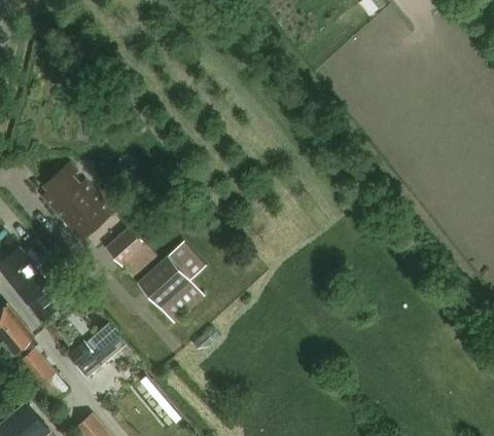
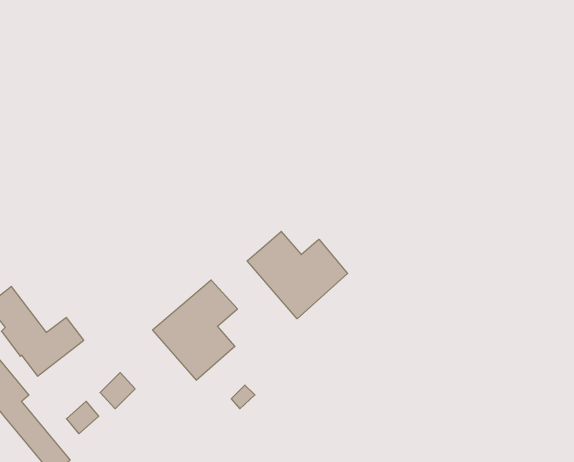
building: [43,164,112,240] -> none
building: none -> [247,231,348,319]
building: [105,225,156,278] -> none

